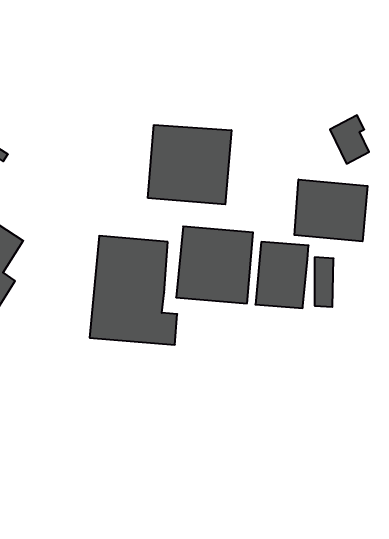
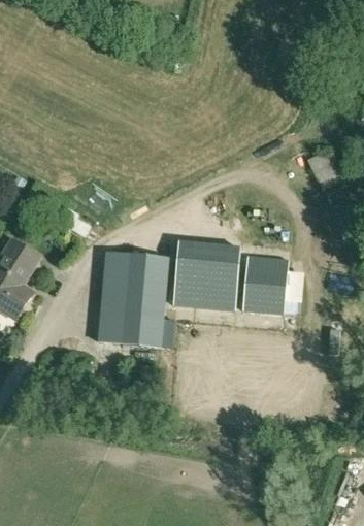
building: [148,125,231,204] -> none
building: [294,179,368,241] -> none

